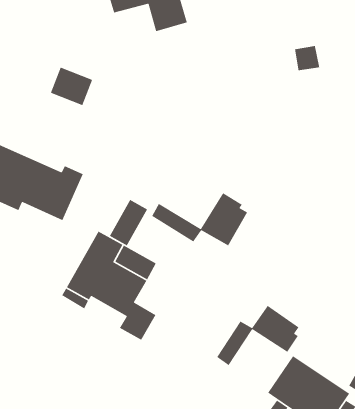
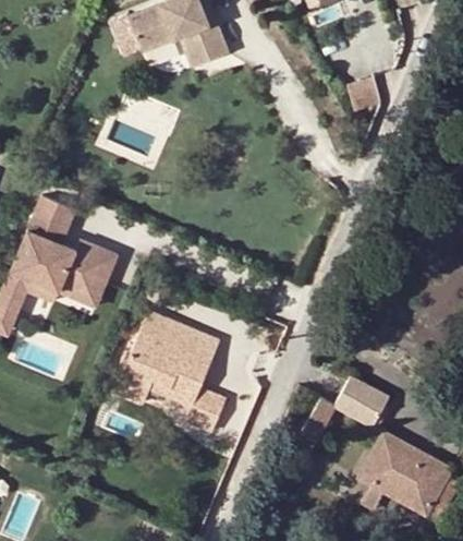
building: [50,67,93,106] -> [31,192,78,235]
building: [151,192,248,247] -> none
building: [109,199,148,247] -> none

